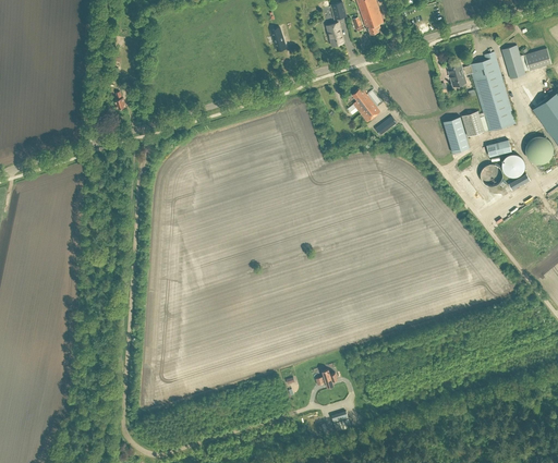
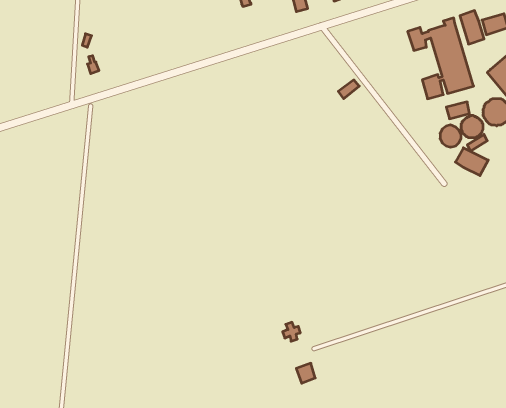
building: [352,89,380,122] -> none
building: [444,117,470,154] -> none
building: none -> [455,148,488,176]

